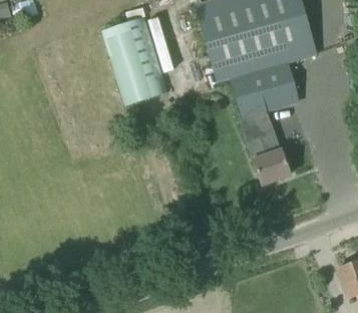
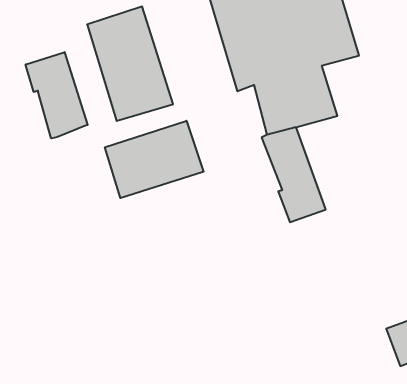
building: none -> [26,52,88,138]
building: none -> [105,121,204,198]

